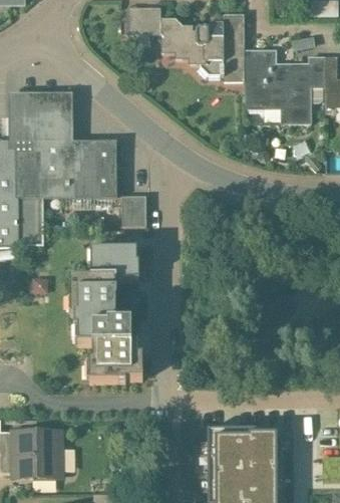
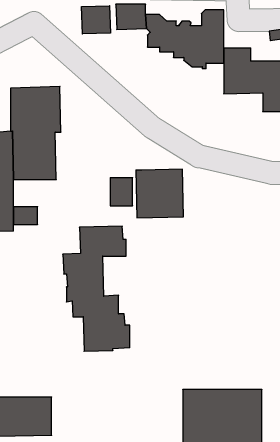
building: none -> [82,6,110,34]
building: [62,145,113,197] -> [136,169,183,218]
building: [17,197,43,226] -> none

